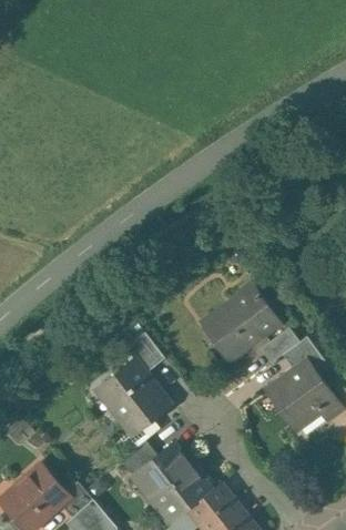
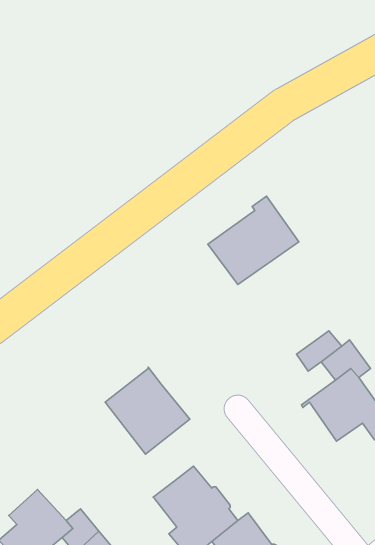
building: [202,285,279,360] -> [208,196,299,285]
building: [124,334,164,376] -> none
building: [120,442,157,479] -> none

